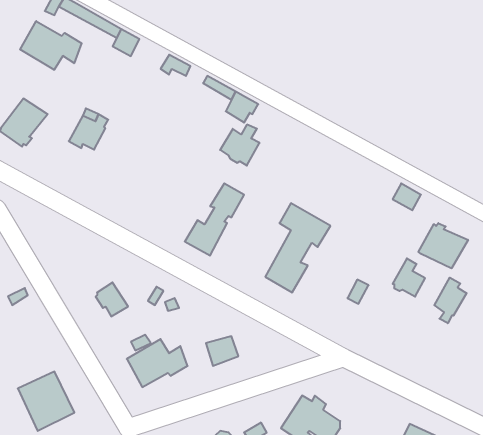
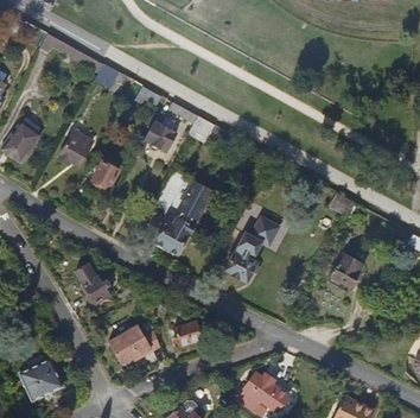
building: [20,21,82,70] -> none
building: [220,125,260,166] -> [145,118,178,152]
building: none -> [91,157,120,189]
building: [418,223,468,268] -> none
building: [434,278,467,323] -> none

